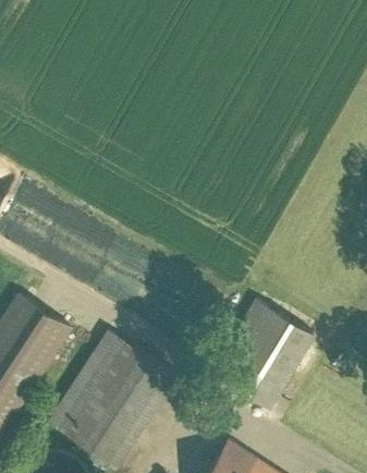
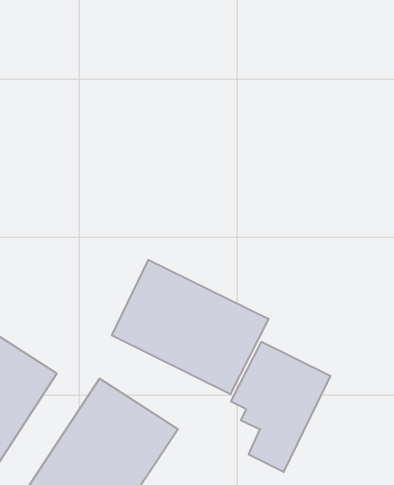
building: none -> [112,260,269,394]

